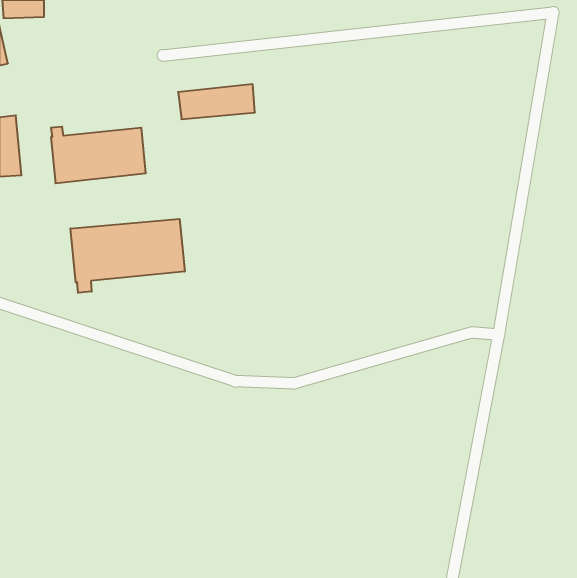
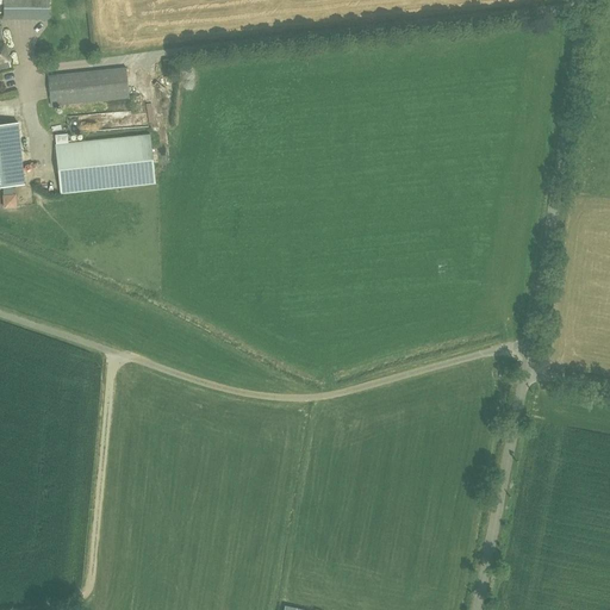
building: [178,84,255,119] -> [46,68,127,105]
building: [70,219,185,293] -> none

